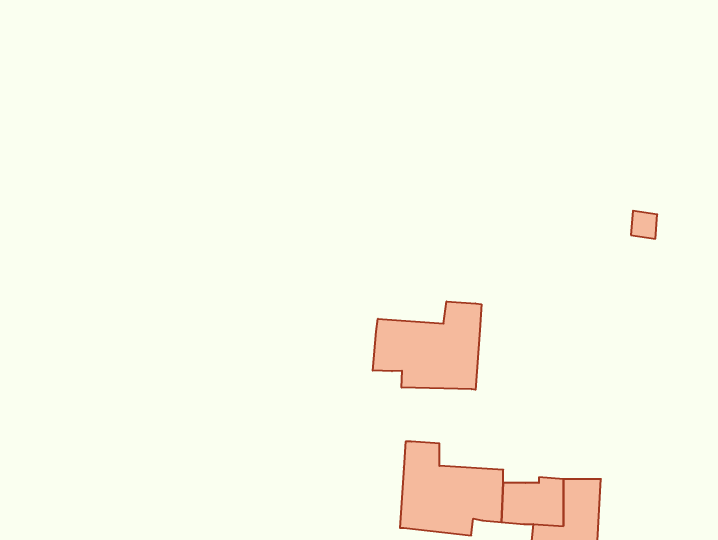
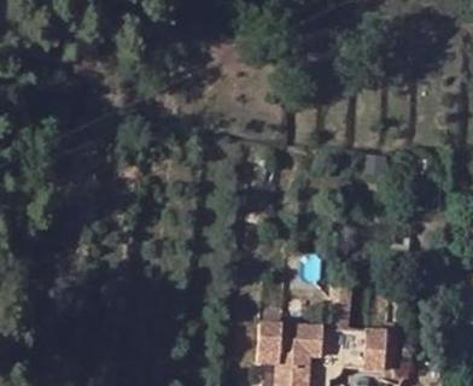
building: [373,301,481,390] -> none

